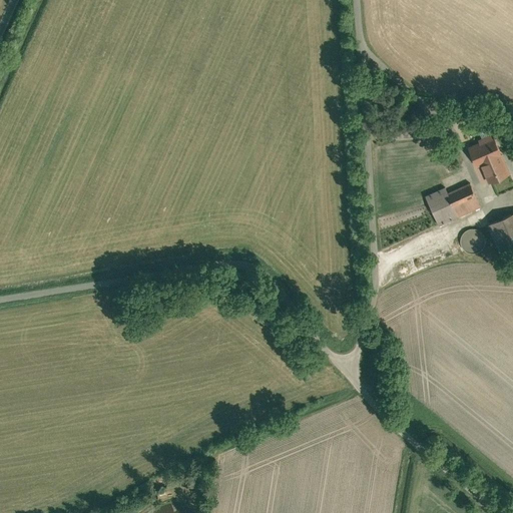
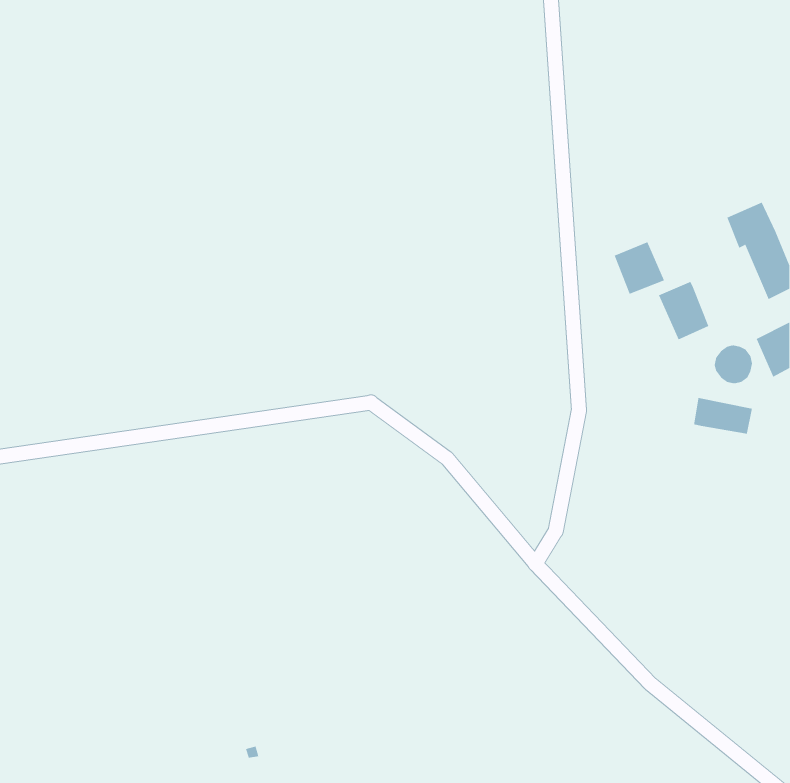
building: [448,183,481,217] -> [614,242,665,294]
building: none -> [693,397,752,434]

